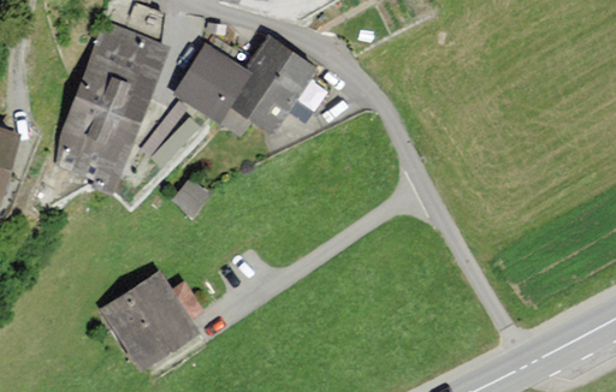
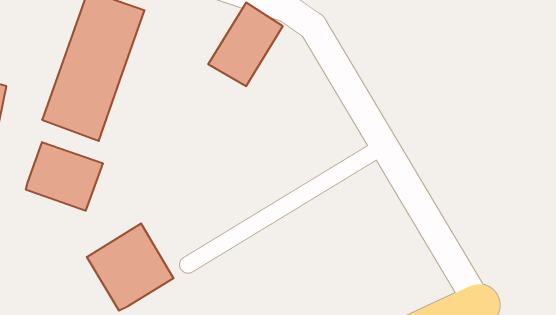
building: [179,44,249,115] -> none
building: none -> [26,142,103,211]

